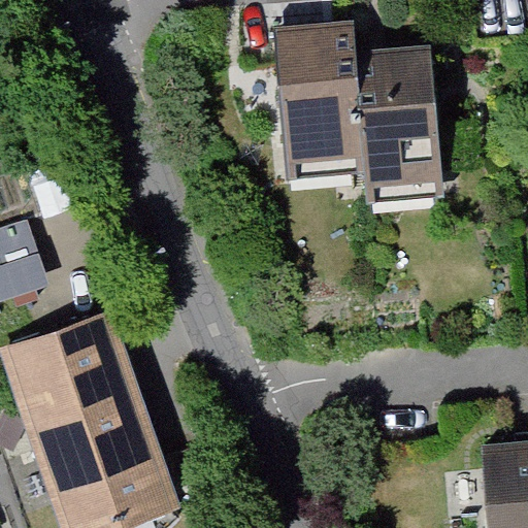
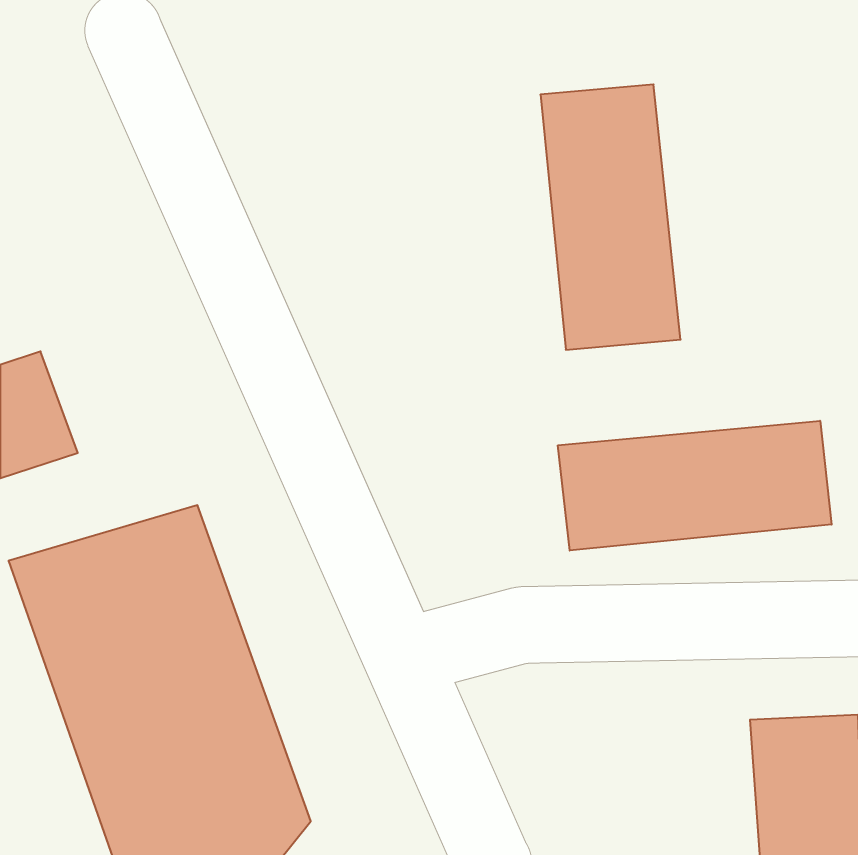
building: [255,18,343,177] -> none
building: none -> [558,421,832,551]

